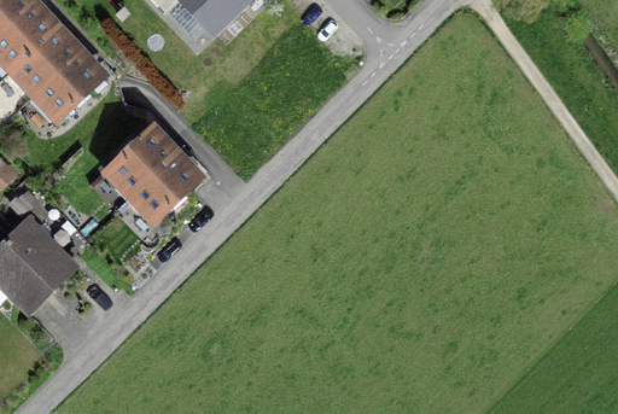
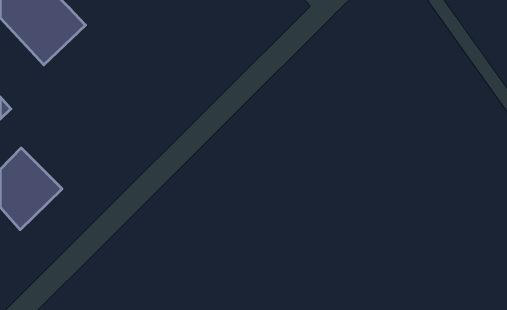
building: [101,124,204,226] -> none

